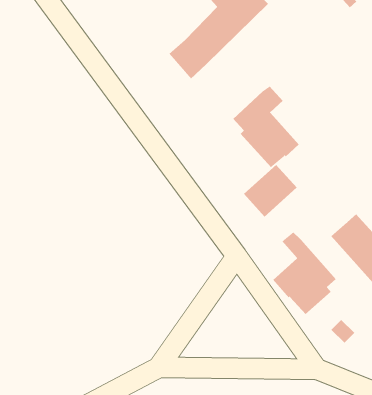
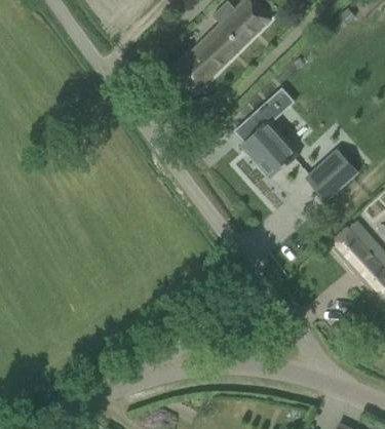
building: [243,164,298,217] -> [306,149,358,200]
building: [272,231,336,315] -> none

